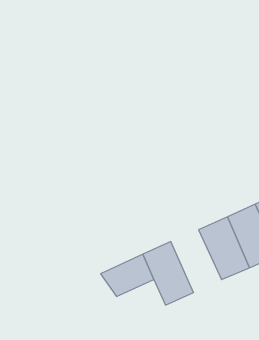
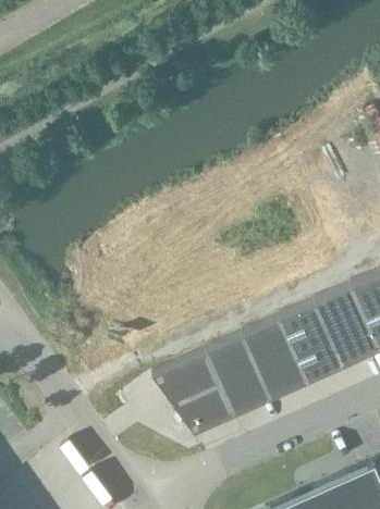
building: none -> [241,319,306,399]
building: none -> [171,383,234,434]

